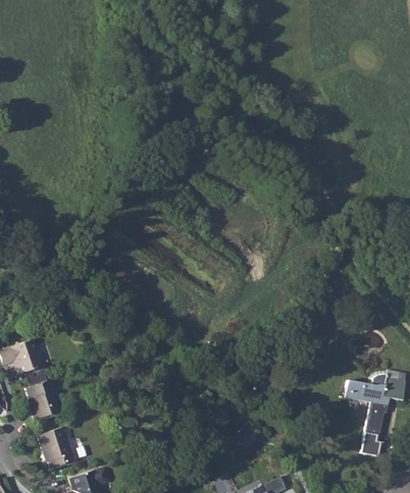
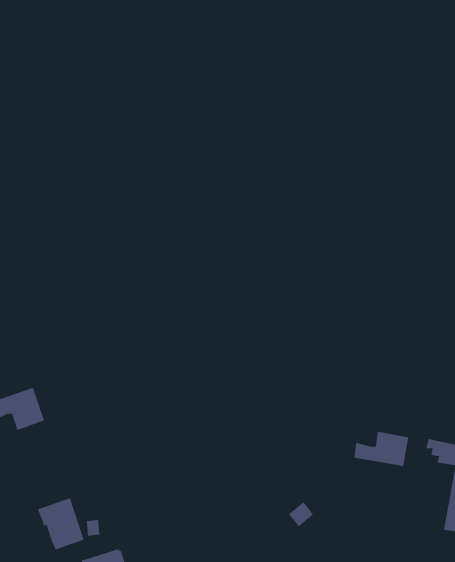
building: none -> [354,431,409,467]
building: [27,380,61,420] -> none

